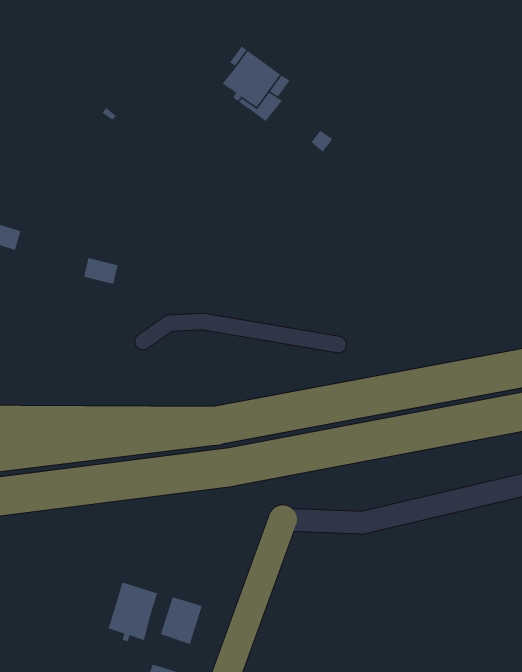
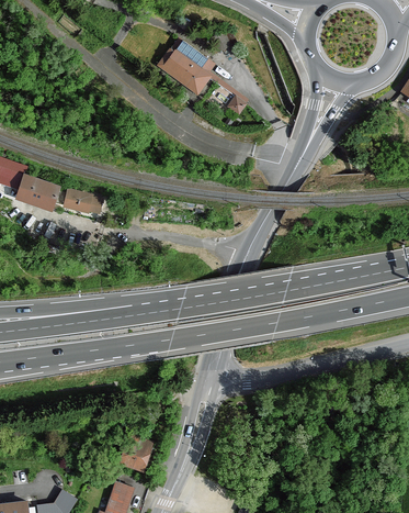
building: none -> [18,176,57,208]
building: [107,582,158,642] -> none

